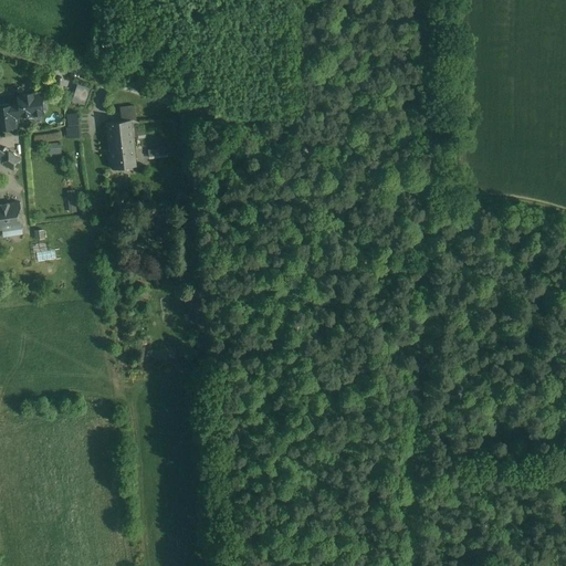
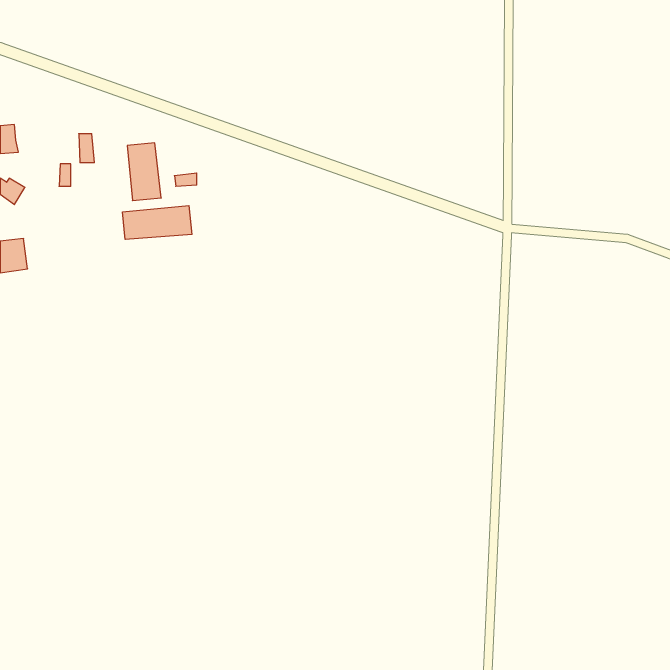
building: [11,92,42,118] -> none
building: none -> [123,206,192,239]

